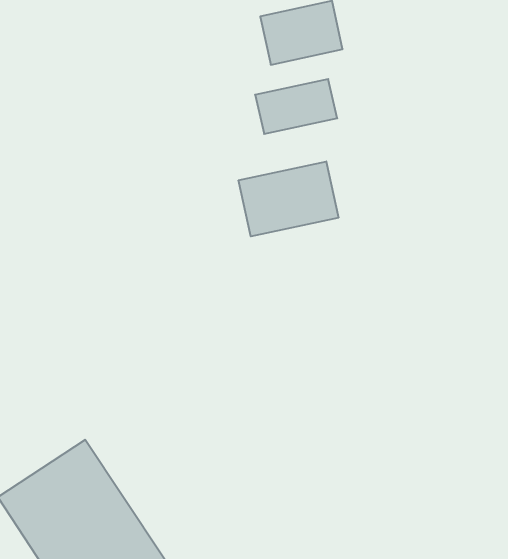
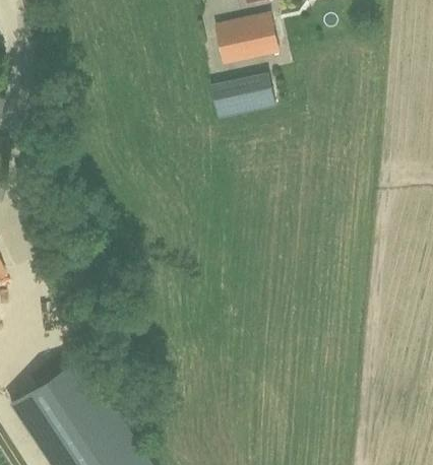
building: [239,161,338,236] -> none

